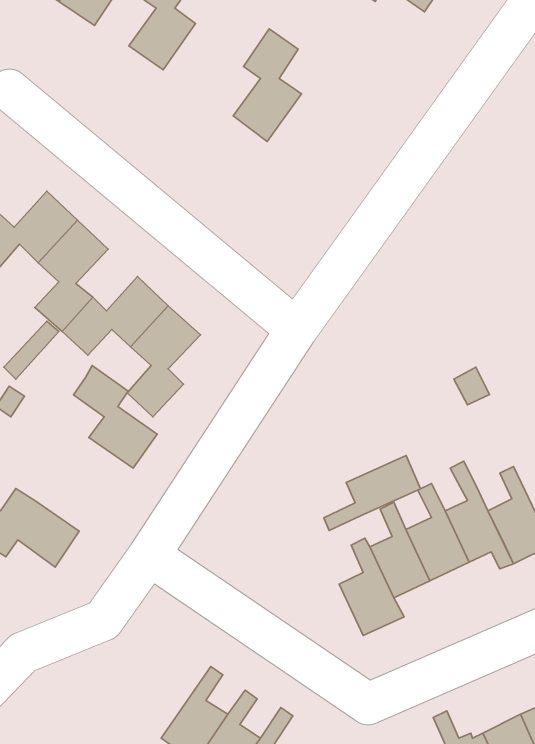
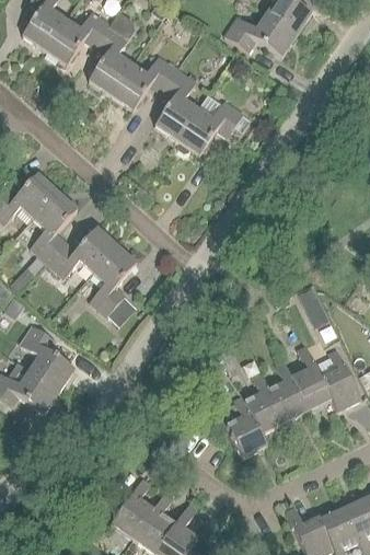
building: none -> [112,55,180,111]
building: none -> [178,95,245,154]
building: [73,366,157,468] -> [20,324,73,390]
building: [324,456,421,531] -> none

